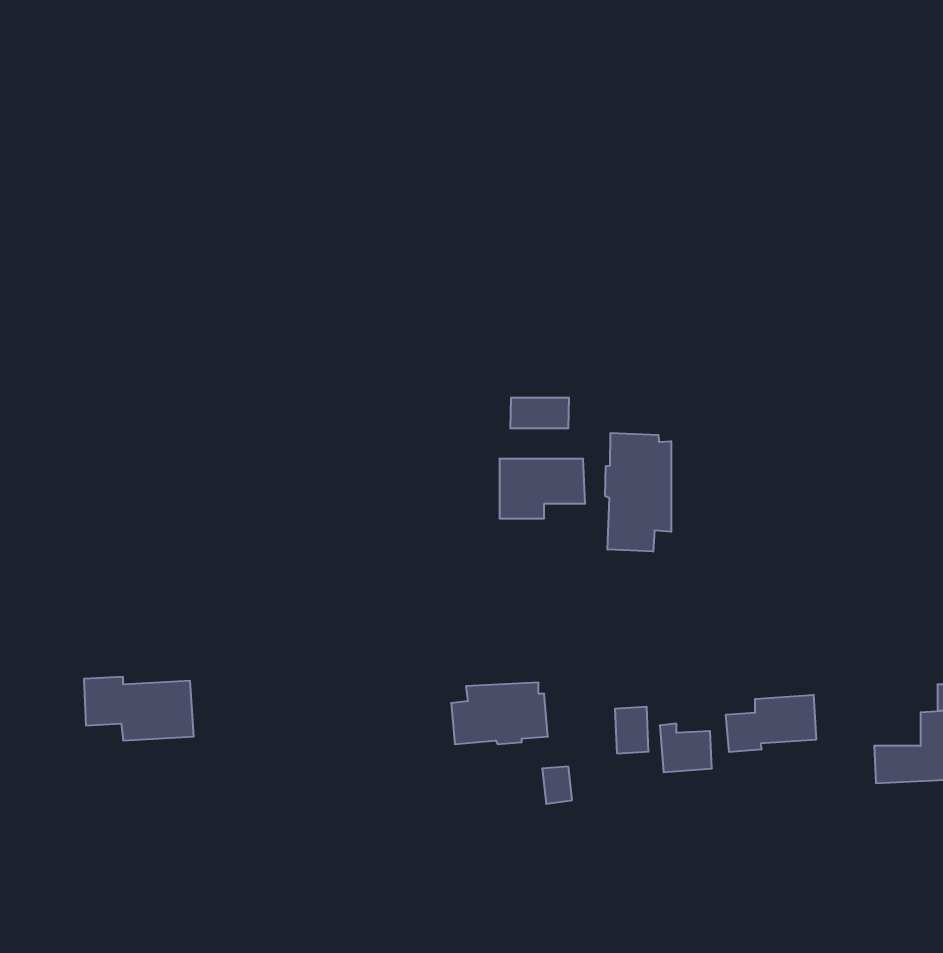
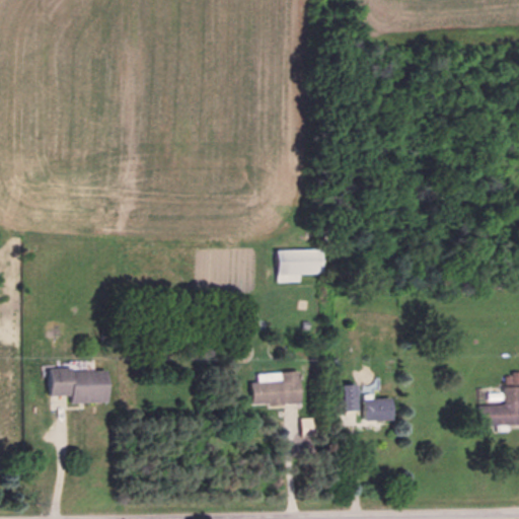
building: [510,398,569,428] -> none
building: [605,433,671,552] -> none
building: [726,695,816,752] -> none

